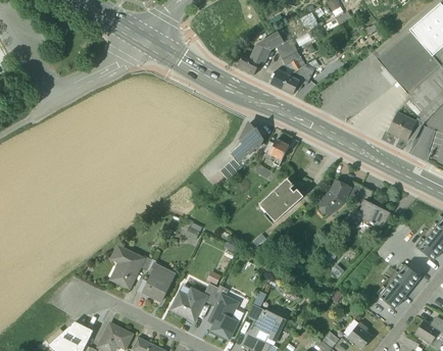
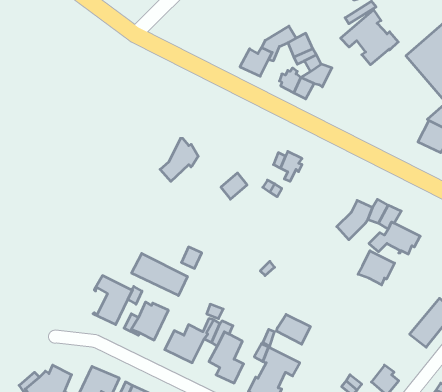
building: none -> [341,10,398,65]
building: [231,124,263,161] -> [160,138,198,181]
building: [258,180,302,222] -> none
building: none -> [358,251,395,285]
building: none -> [132,253,187,296]
building: none -> [276,314,310,344]

